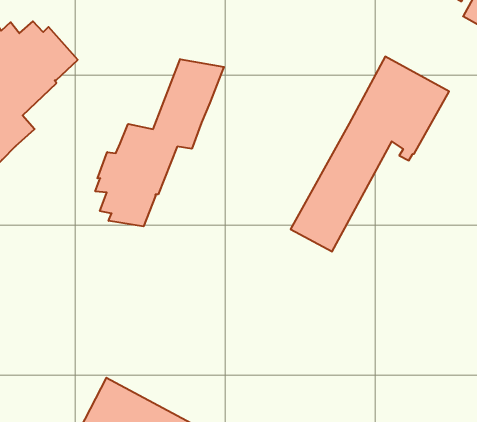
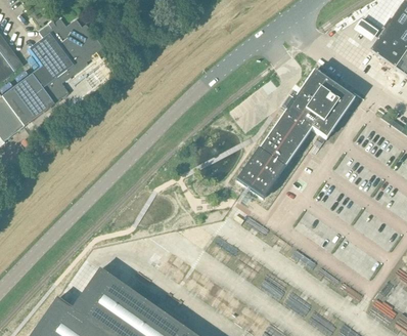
building: [95,59,224,226] -> none

